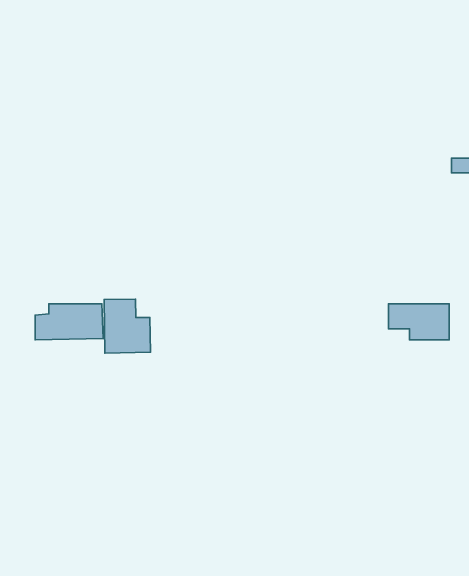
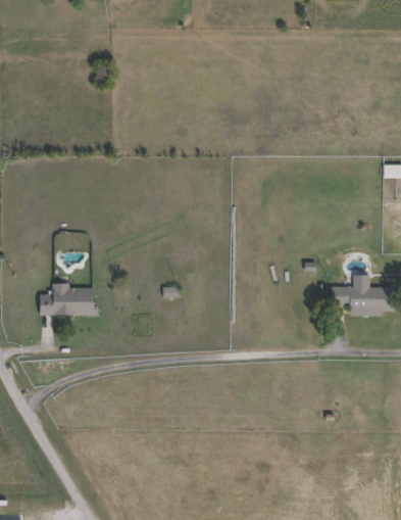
building: [104,299,151,353] -> none

